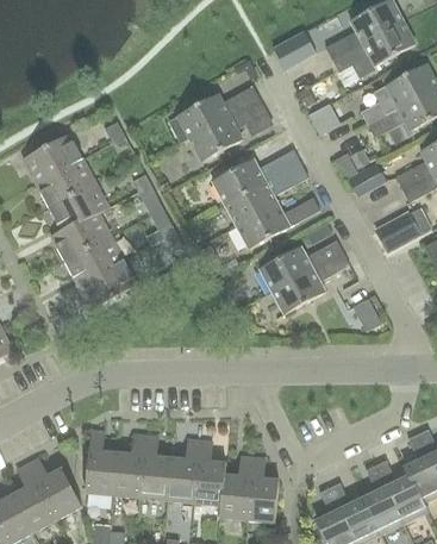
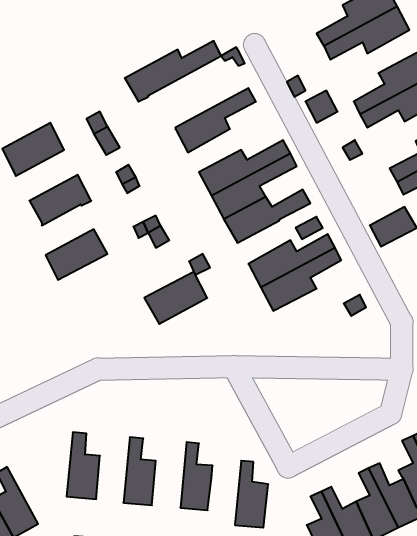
building: [273,31,316,69] -> none
building: [167,85,260,143] -> [125,41,221,102]
building: [36,158,95,207] -> none
building: [348,162,387,196] -> none
building: [50,211,111,260] -> none
building: [76,258,137,308] -> [144,272,207,324]
building: [113,433,145,498] -> none
building: [167,438,200,502] -> none
building: [219,456,252,519] -> none
building: [27,457,81,518] -> none

